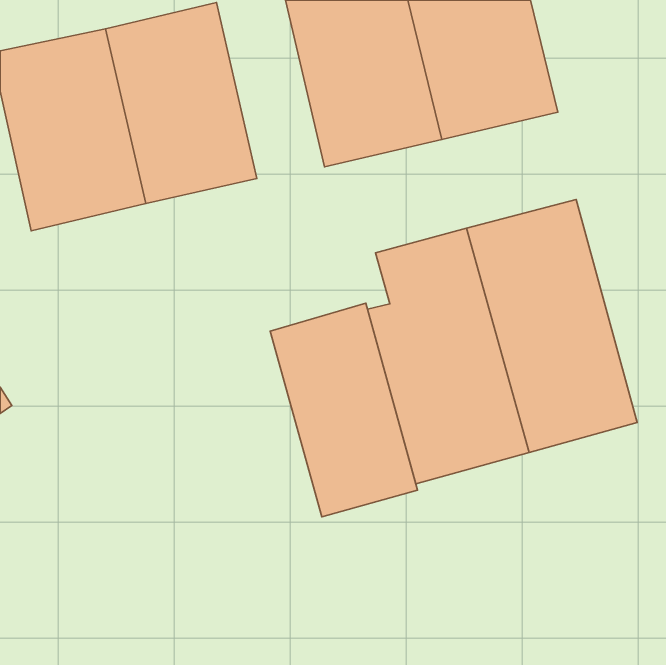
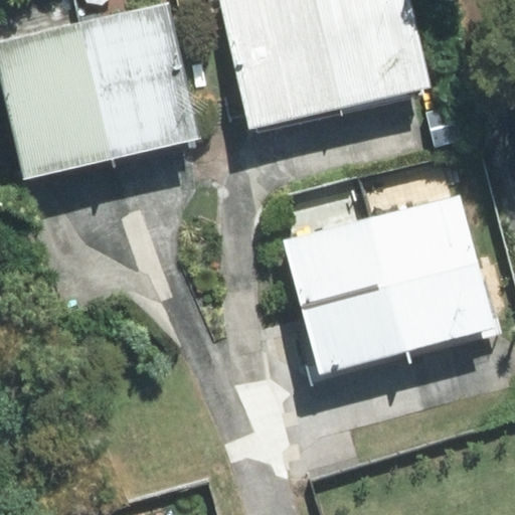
building: [270,303,417,517] -> none

